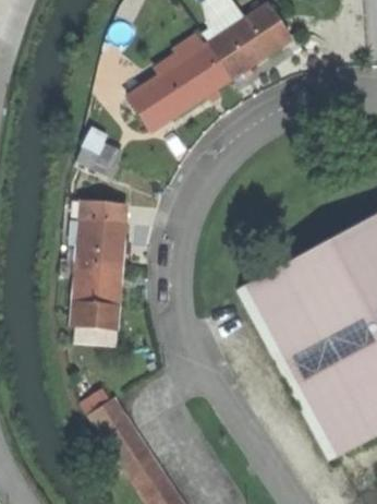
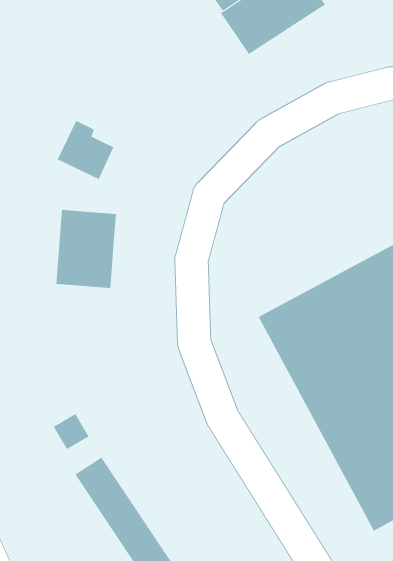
building: [130,43,231,129] -> none
building: [72,261,121,328] -> none

